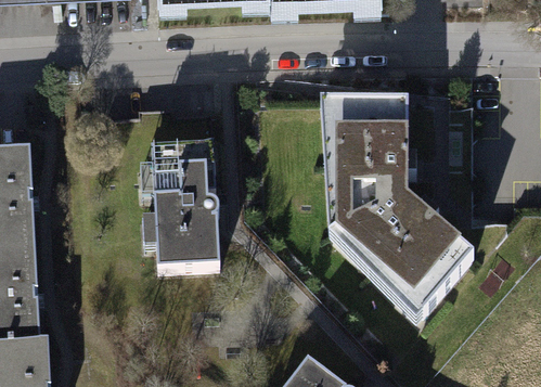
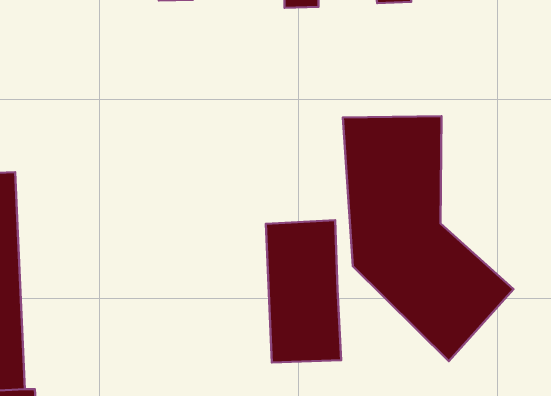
building: [151,149,218,275] -> [266,220,341,363]

